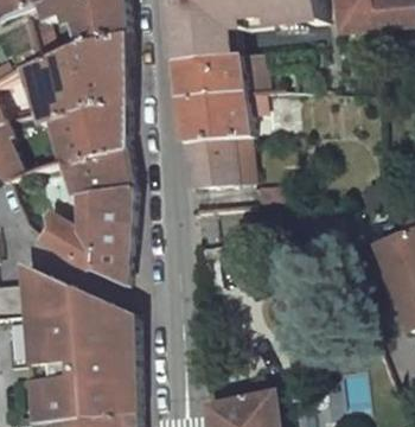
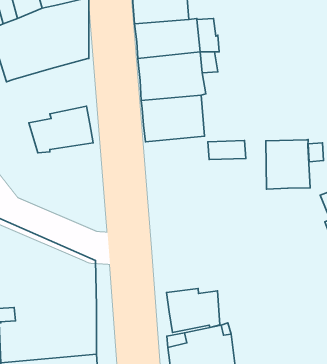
building: [45,97,124,166] -> none
building: none -> [266,140,310,189]
building: [38,187,130,285] -> none
building: none -> [167,289,220,332]

